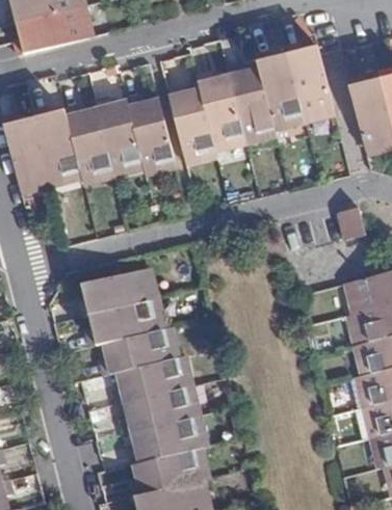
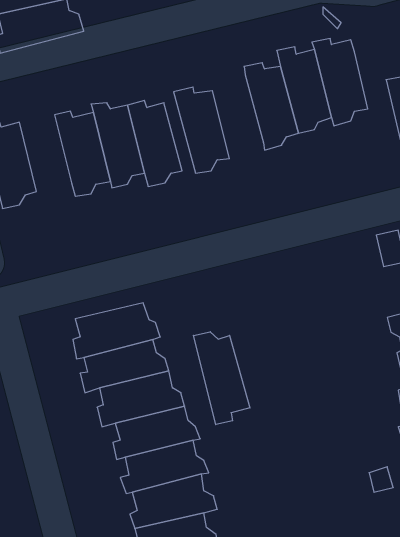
building: [195,73,242,146] -> none
building: [32,107,78,180] -> none
building: none -> [193,332,250,425]

